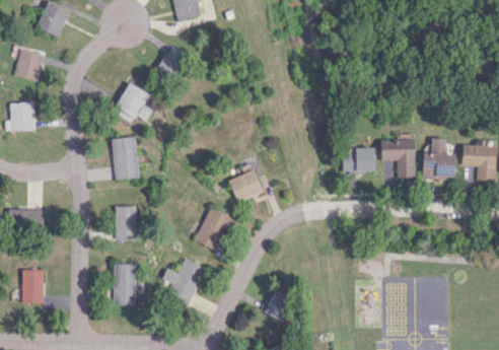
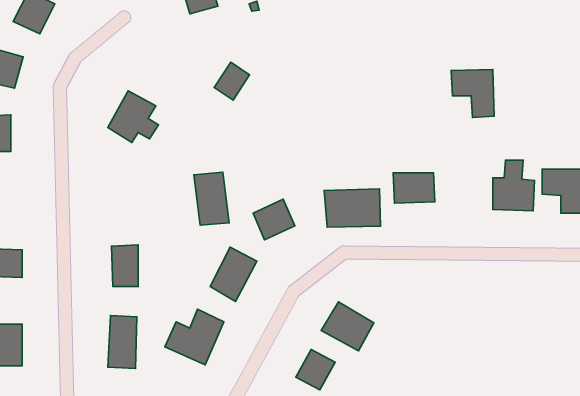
building: [158,47,187,77] -> [214,62,250,100]
building: [112,137,140,180] -> [194,172,229,225]
building: [380,139,415,178] -> [451,69,494,117]
building: none -> [324,189,381,227]
building: none -> [321,302,374,351]

